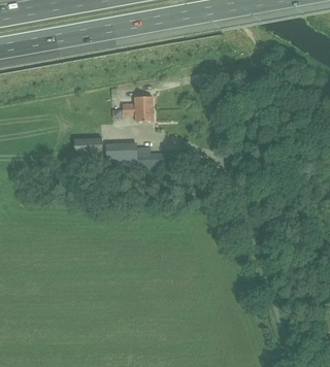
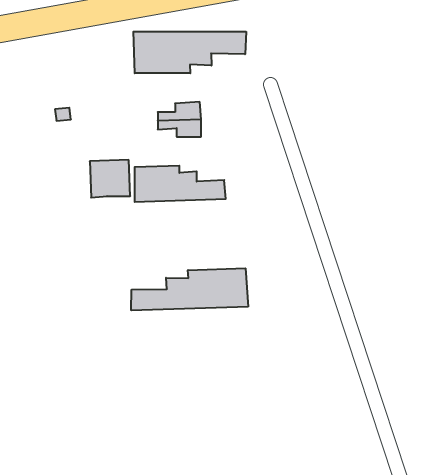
building: none -> [133,32,246,73]
building: none -> [131,268,248,310]

